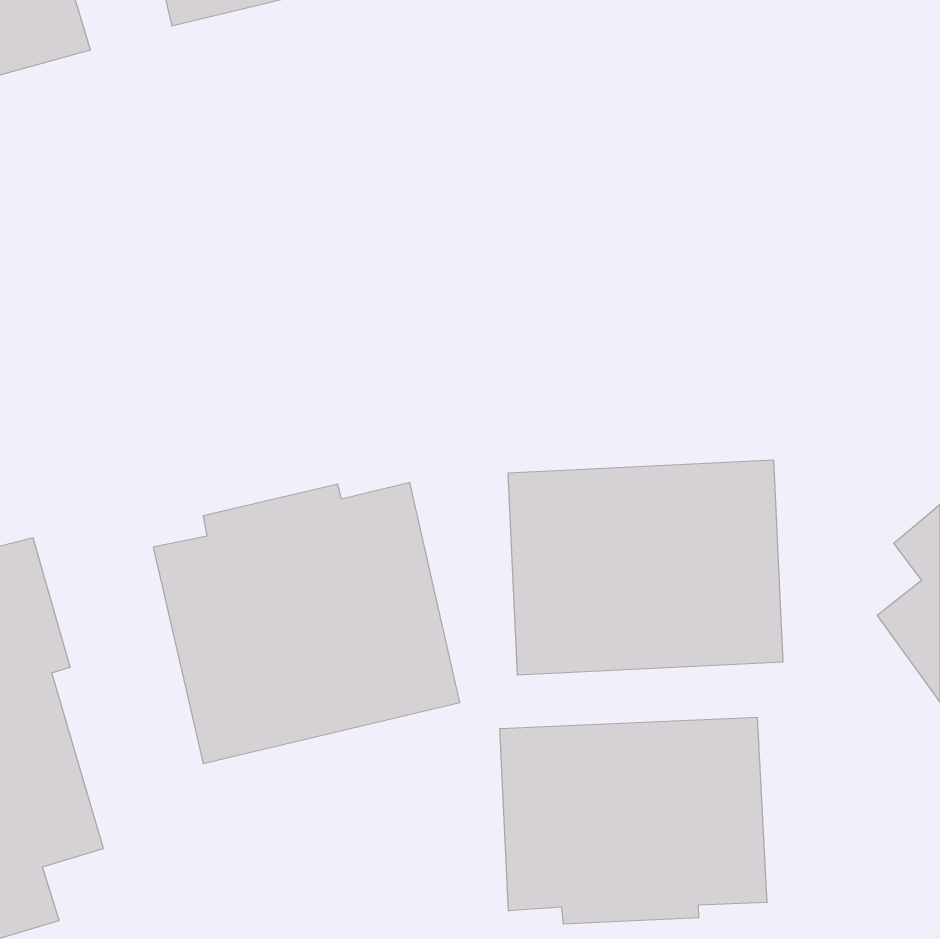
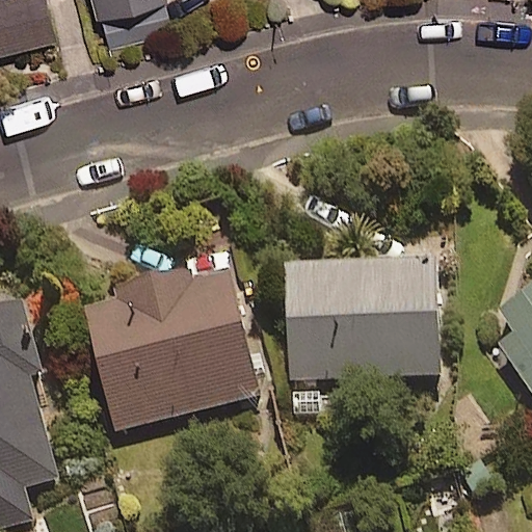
building: [500,717,767,924] -> none

